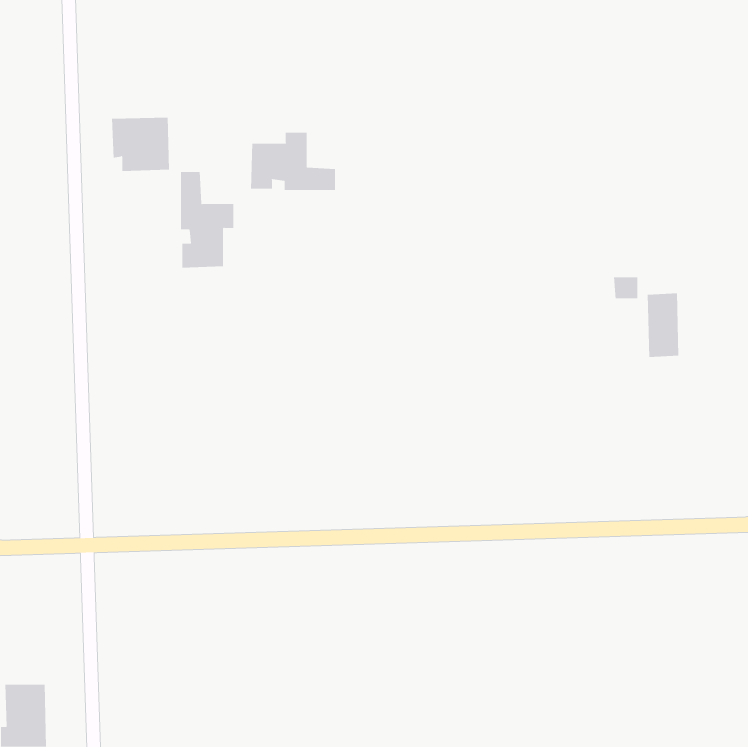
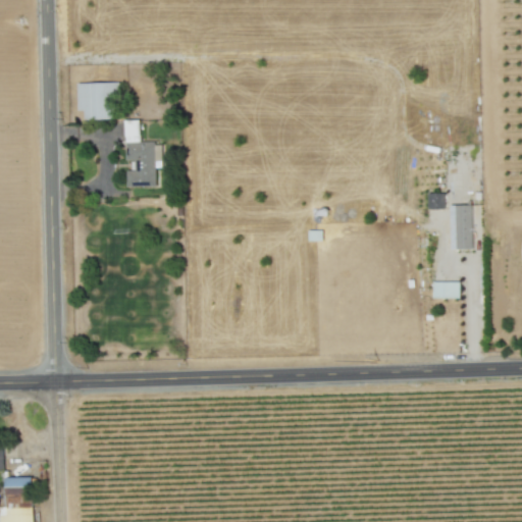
building: [250,132,336,191] -> none
building: none -> [433,280,460,298]

